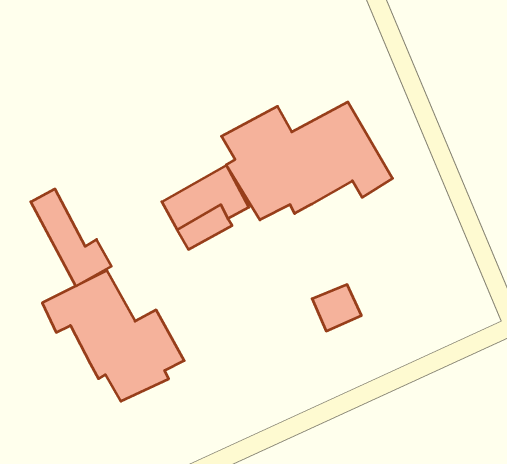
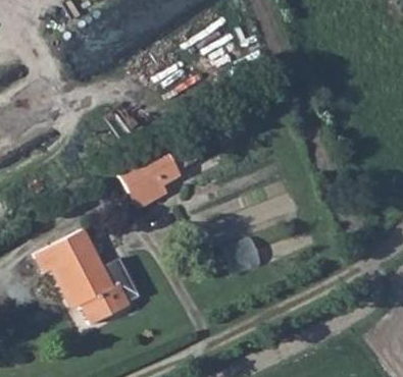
building: [221,102,393,220] -> none
building: [31,189,111,286] -> none

